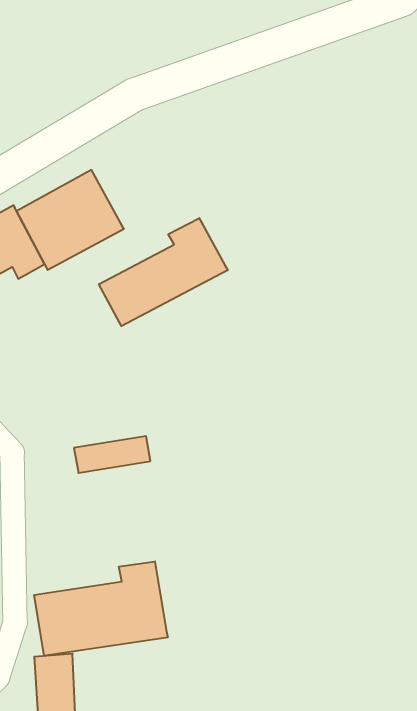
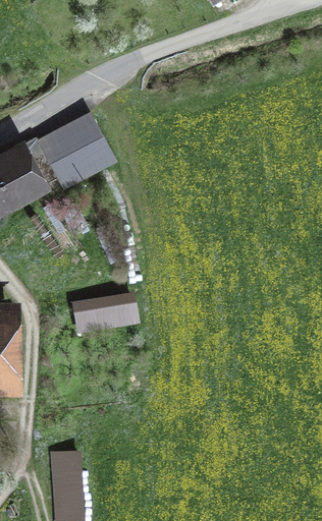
building: [99,218,228,326] -> none
building: [34,561,168,656] -> none

